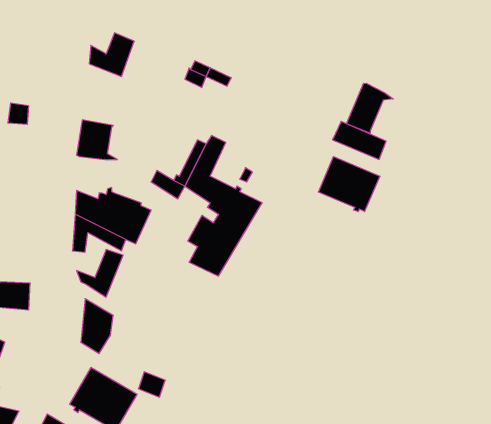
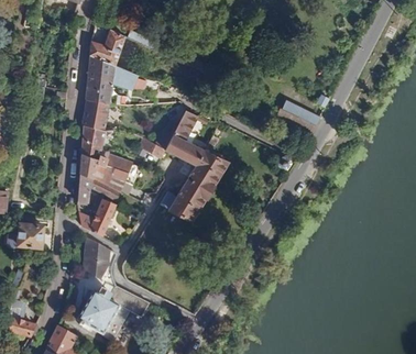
building: none -> [85,53,146,101]
building: [346,83,393,133] -> none
building: [318,157,380,212] -> none
building: none -> [80,125,112,158]

